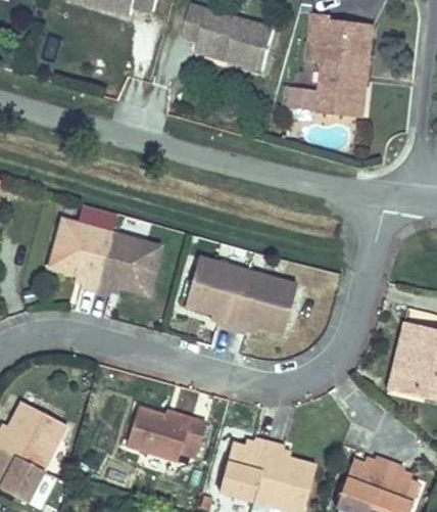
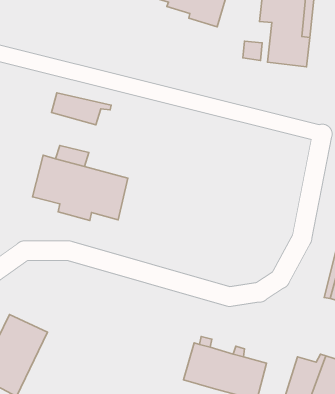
building: none -> [51,93,111,125]
building: [182,259,291,332] -> none
building: [128,402,210,455] -> none

